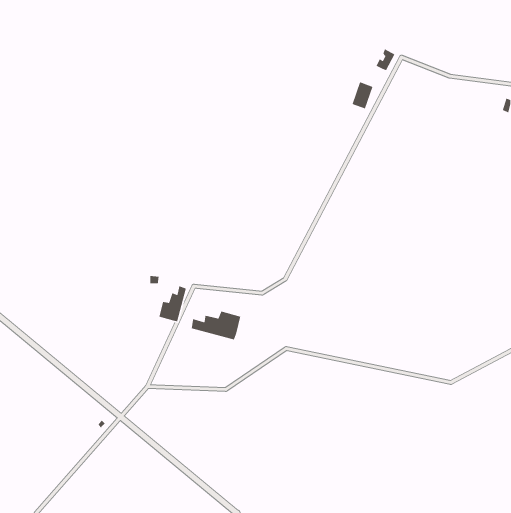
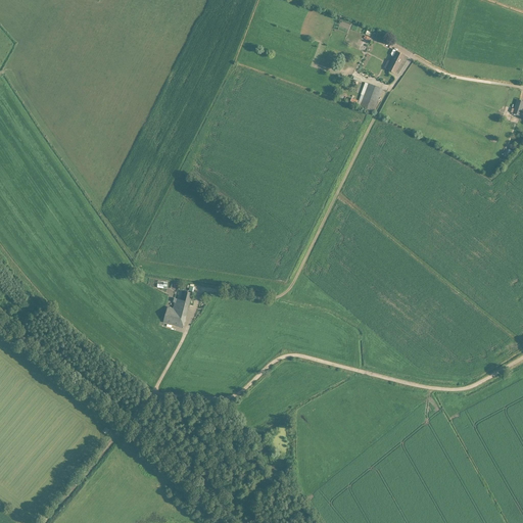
building: [191,310,241,340] -> none

